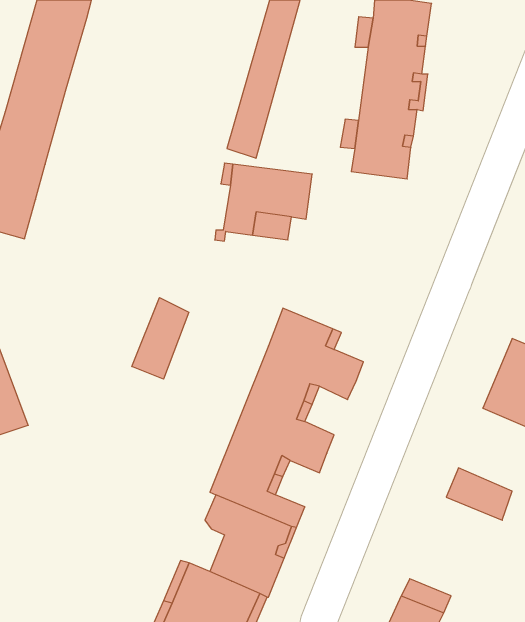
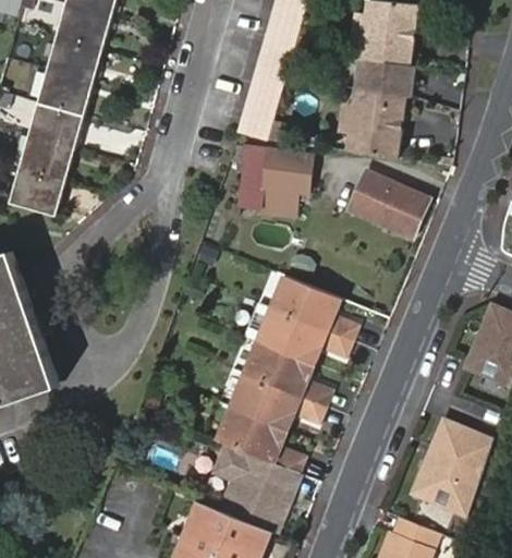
building: none -> [350,175,427,236]
building: [132,298,189,379] -> none
building: none -> [412,445,483,515]

